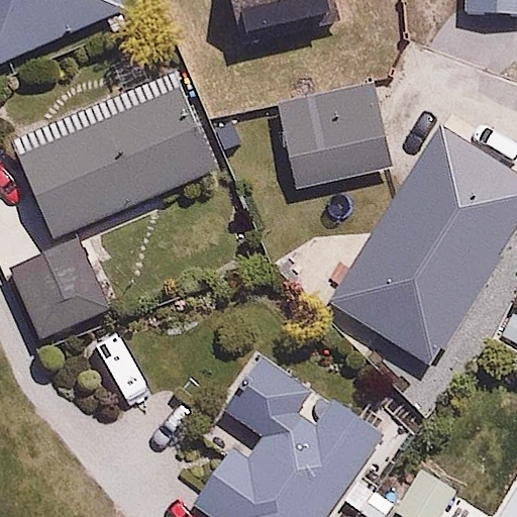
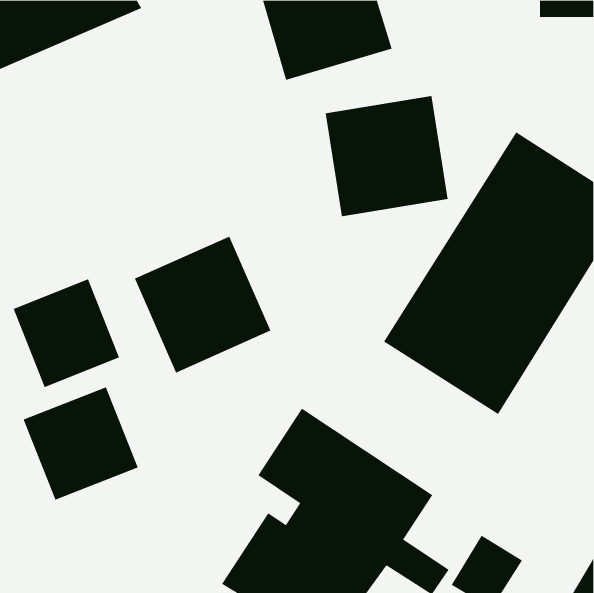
building: [13,72,216,237] -> none
building: none -> [134,236,271,373]
building: none -> [23,386,138,501]

